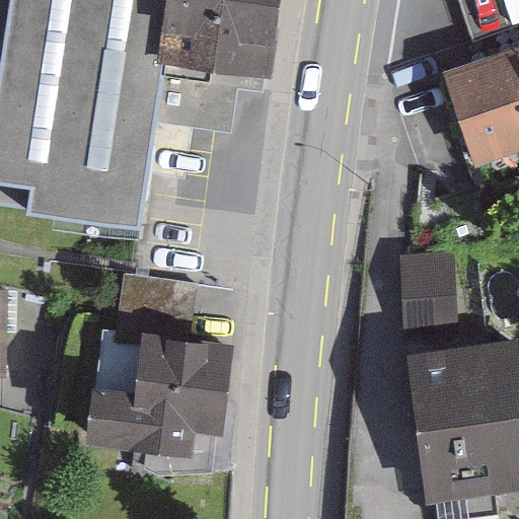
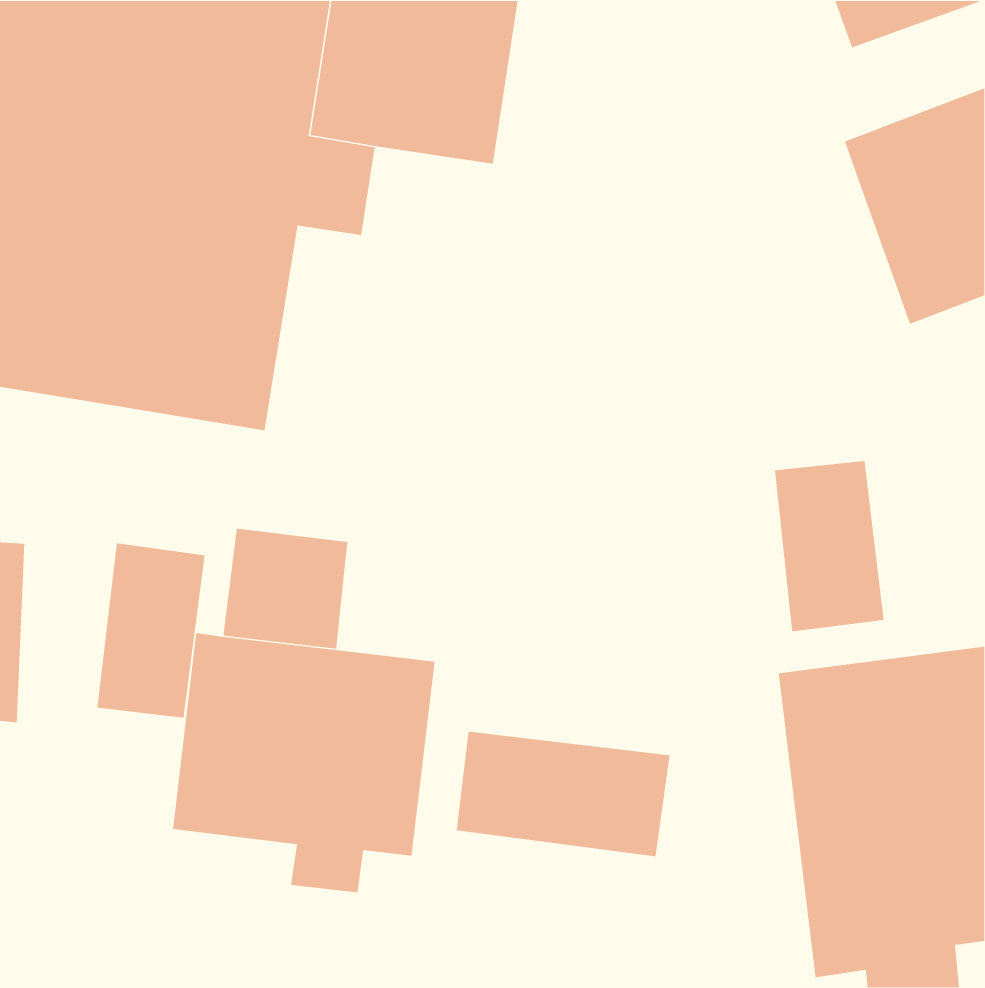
building: none -> [97,543,206,718]
building: none -> [456,731,670,857]

